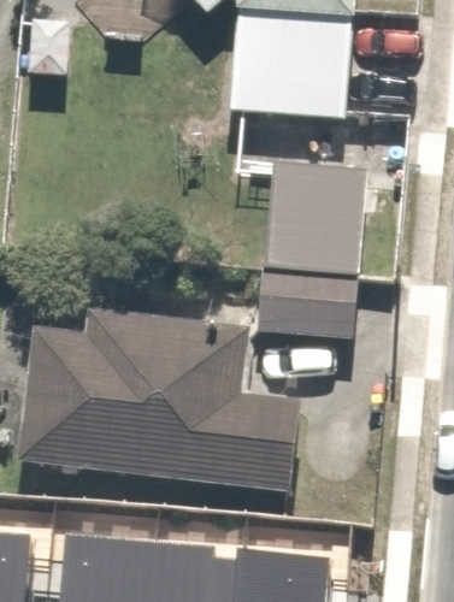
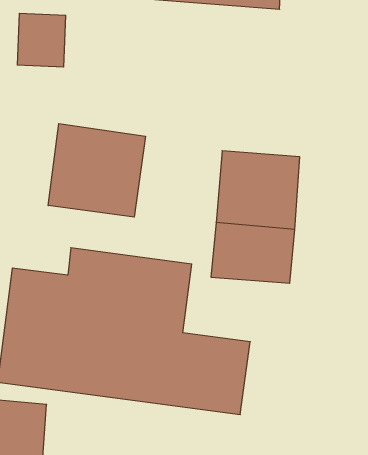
building: [228,12,348,120] -> none
building: none -> [48,124,145,217]

